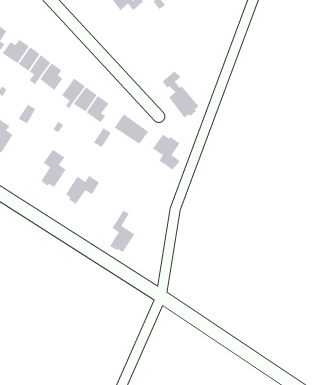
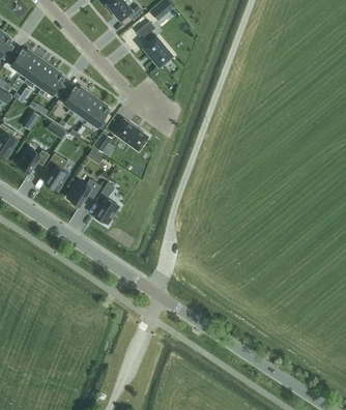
building: [162,71,199,118] -> [137,21,173,66]
building: [152,134,181,170] -> none
building: none -> [17,146,49,174]
building: [109,210,135,253] -> [94,182,119,224]

